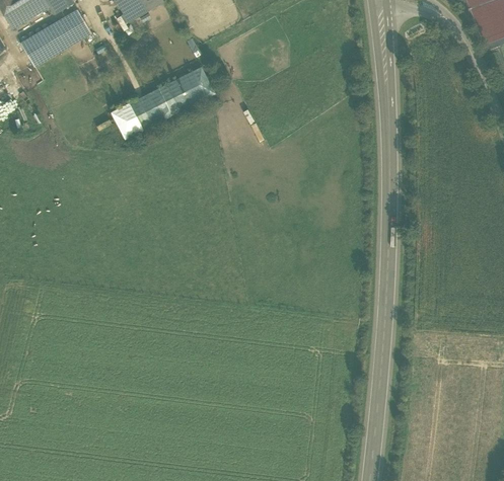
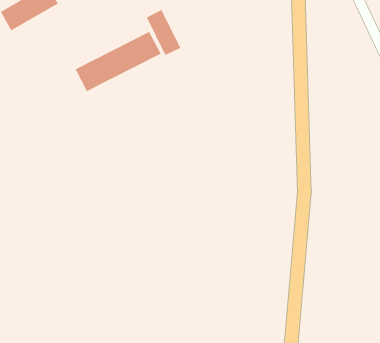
building: none -> [146,9,181,56]

